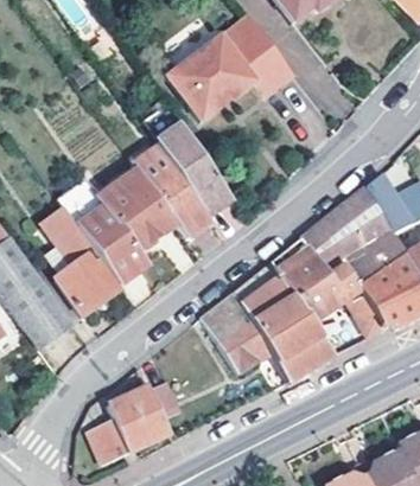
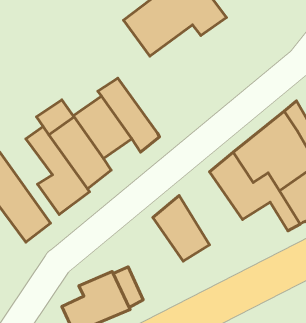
building: [152,123,229,215] -> none
building: [233,263,335,384] -> none

